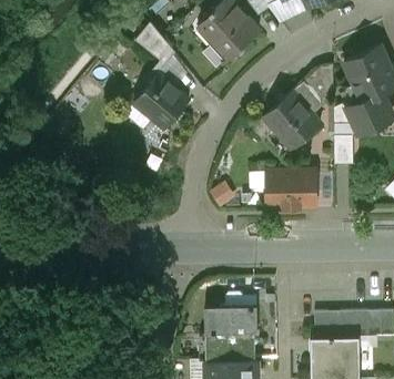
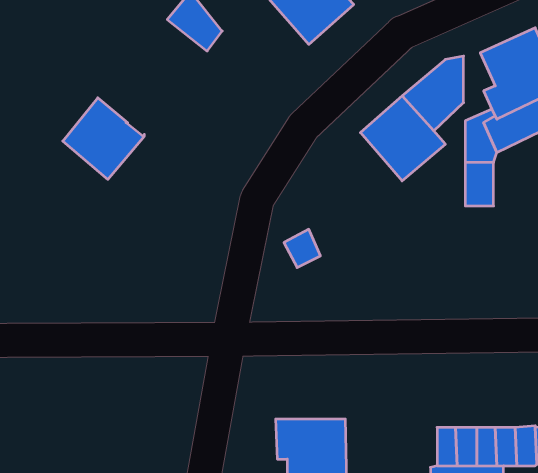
building: [134,74,189,129] -> [63,98,144,179]
building: [267,172,315,206] -> none

